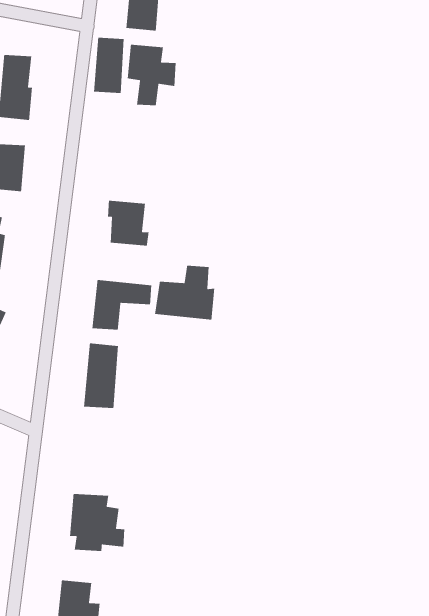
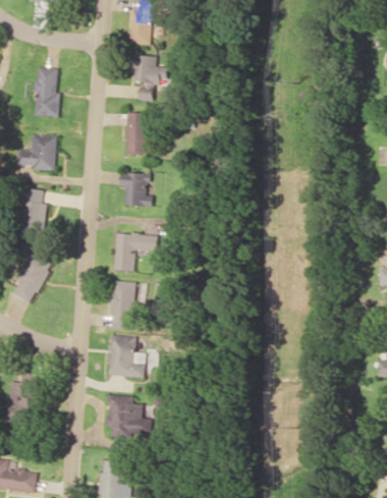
building: [93,37,124,94] -> [125,113,147,155]
building: [154,265,215,321] -> none
building: none -> [108,335,146,377]

